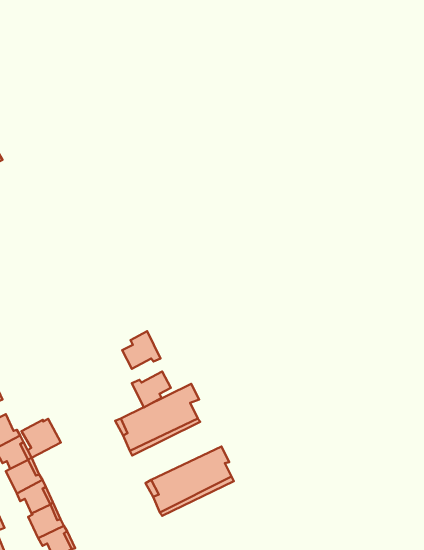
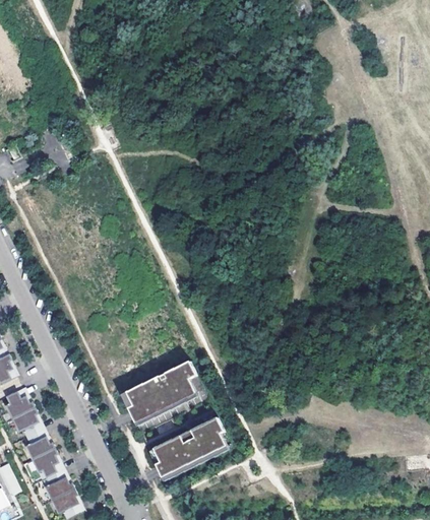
building: [122,331,160,369] -> none
building: [132,372,171,407] -> none
building: [21,419,61,458] -> none

